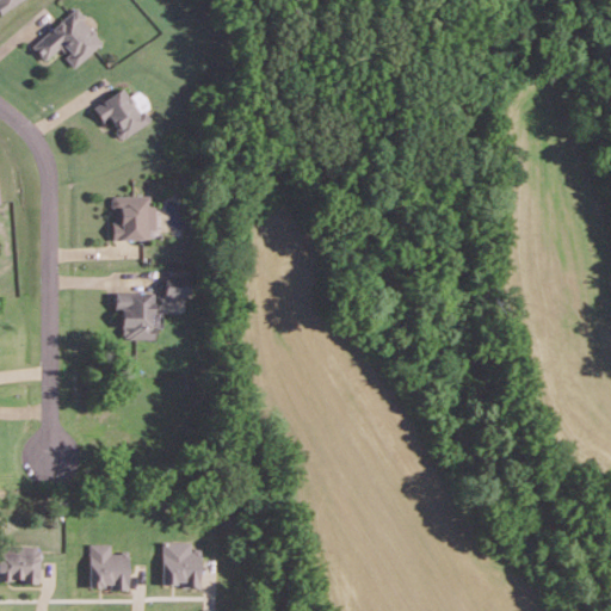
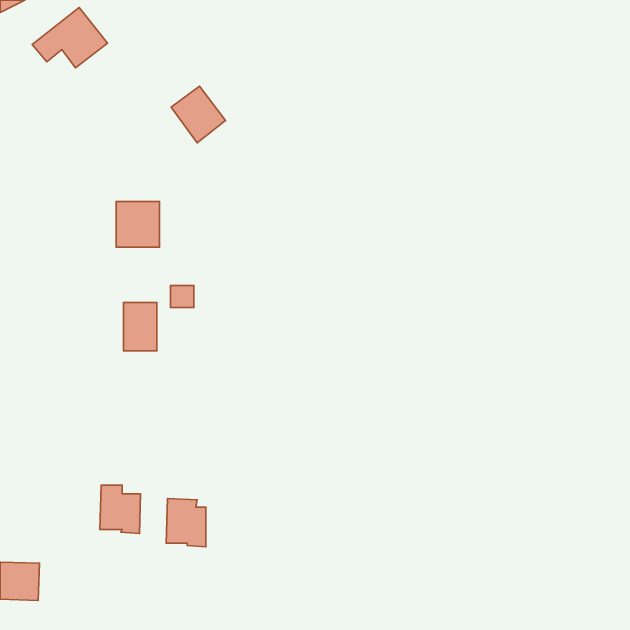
building: [97,86,149,141] -> [171,86,226,143]
building: [161,541,199,587] -> [166,499,206,547]
building: [88,543,128,590] -> [100,485,141,533]

